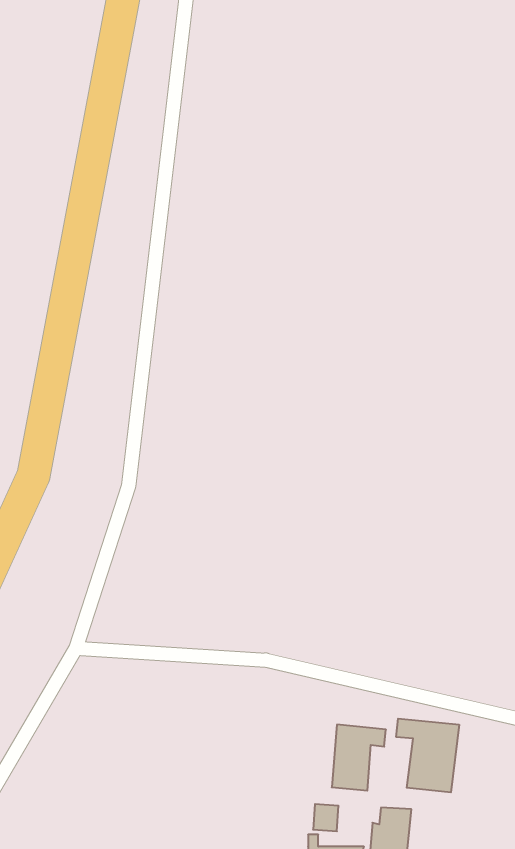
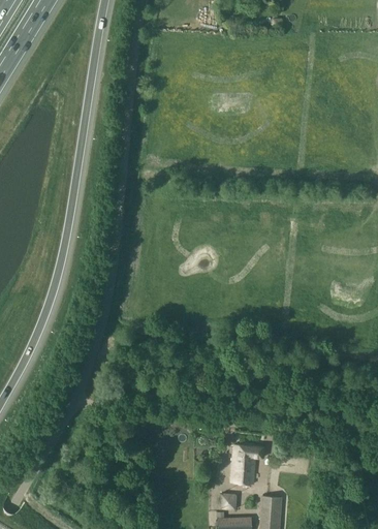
building: [396,719,459,792] -> none

